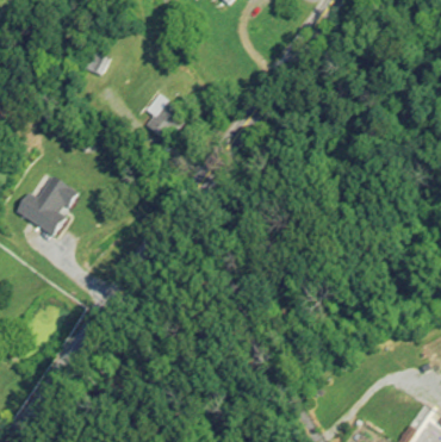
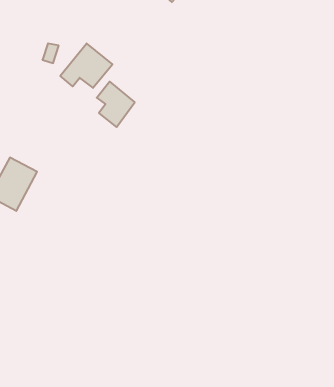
building: none -> [60,43,112,88]

